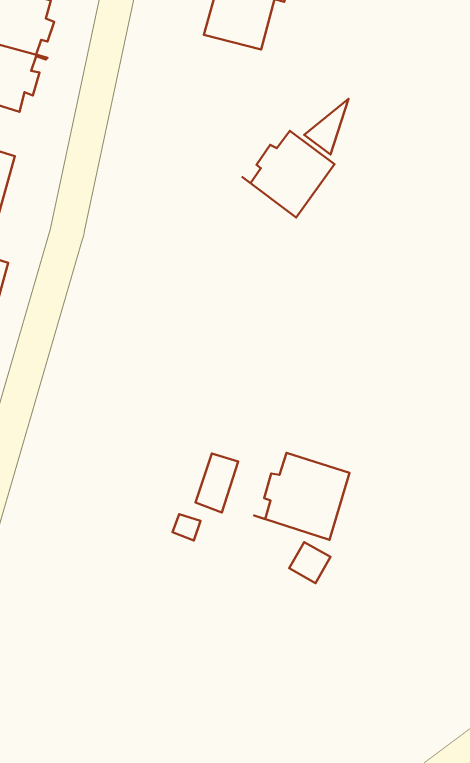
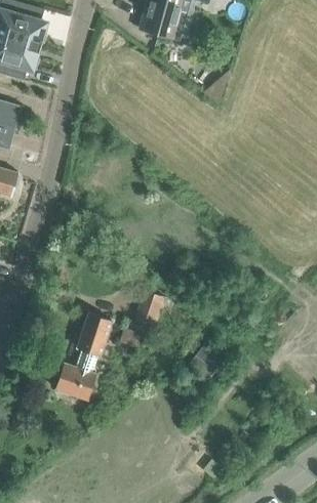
building: [243,131,335,217] -> none
building: [254,453,350,540] -> none
building: none -> [54,313,111,400]

